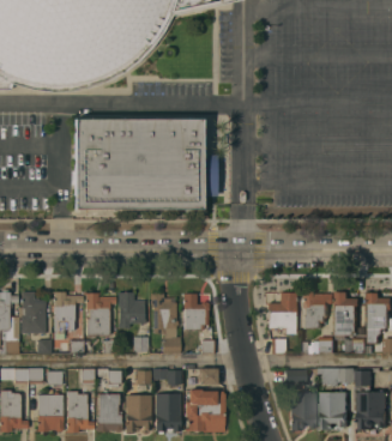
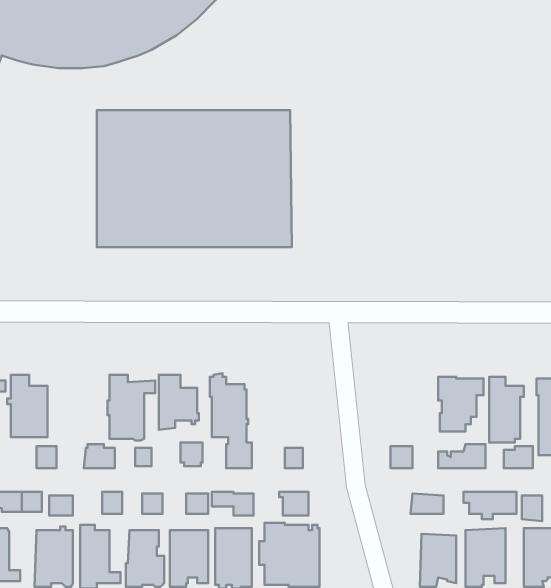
building: [54,291,83,332] -> none
building: [183,292,209,328] -> none
building: [267,292,296,333] -> none

